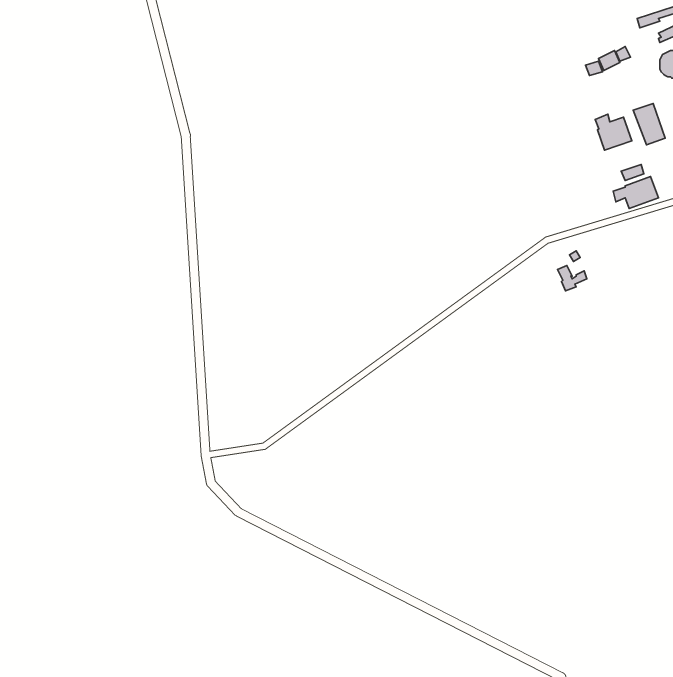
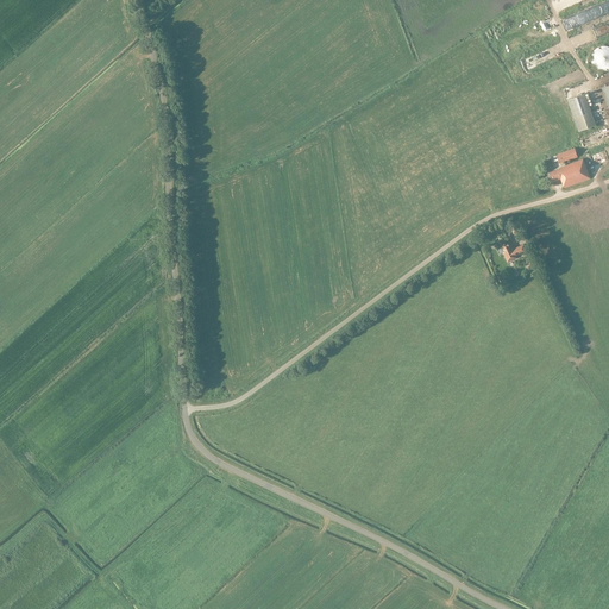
building: [595,114,632,150] -> none

